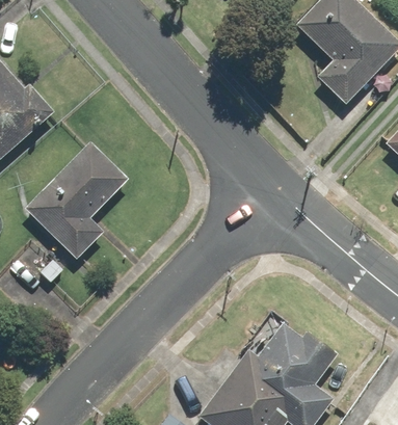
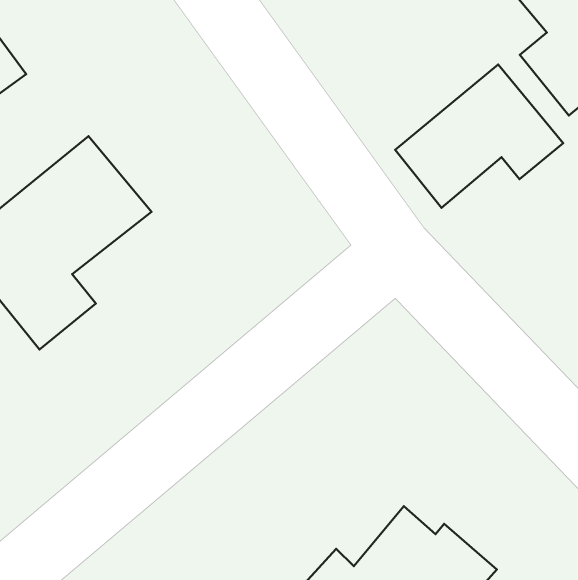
building: none -> [395,65,563,208]

